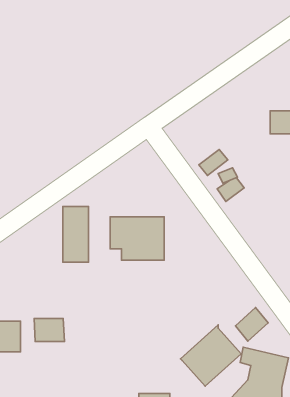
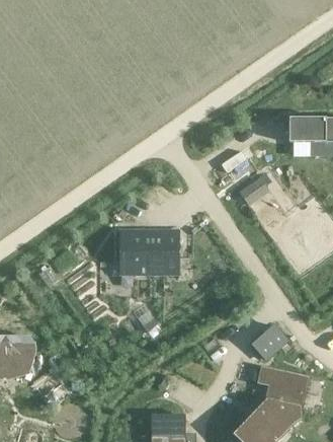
building: [63,207,88,262] -> none
building: [34,319,64,341] -> none
building: [181,325,241,386] -> none

